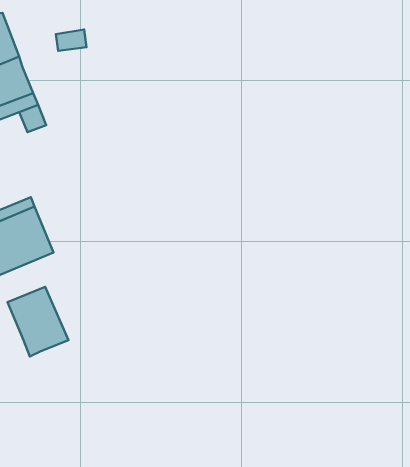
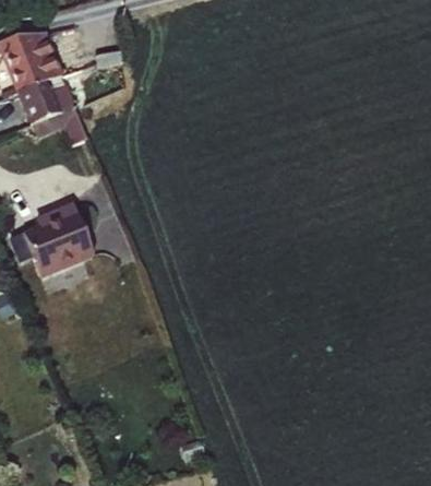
building: [8,287,68,356] -> none

